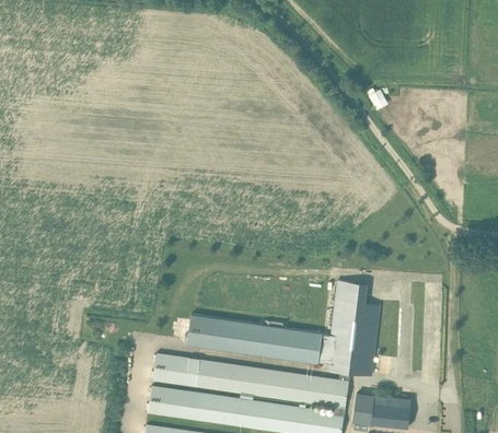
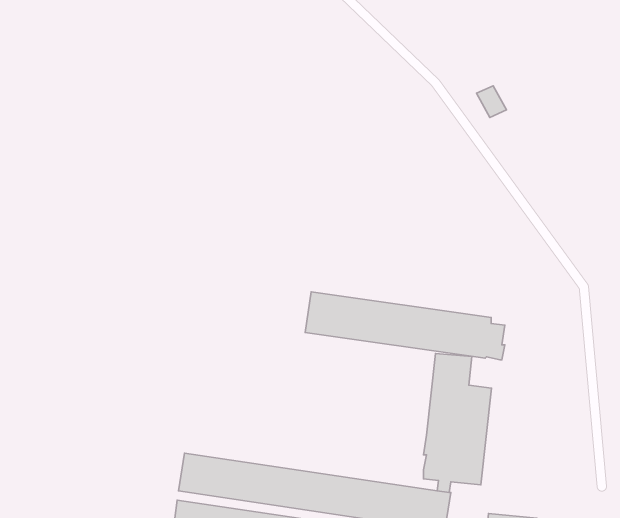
building: [186,315,331,364] -> [305,292,505,360]

